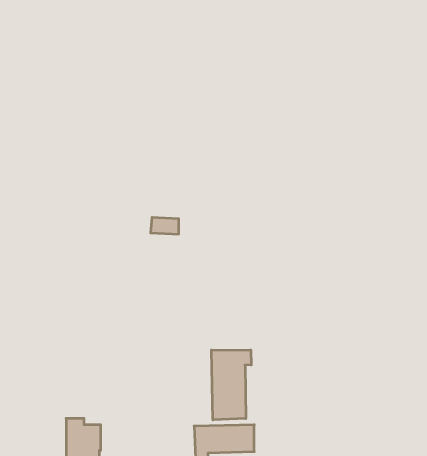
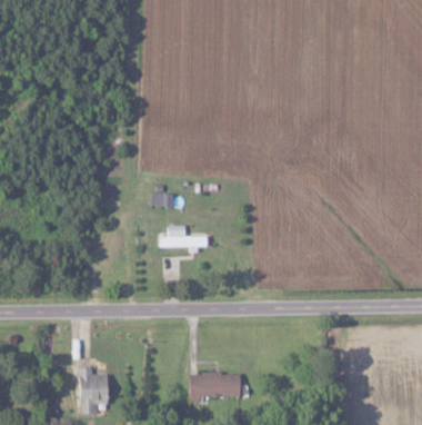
building: none -> [158,226,208,253]
building: [211,350,251,420] -> none

